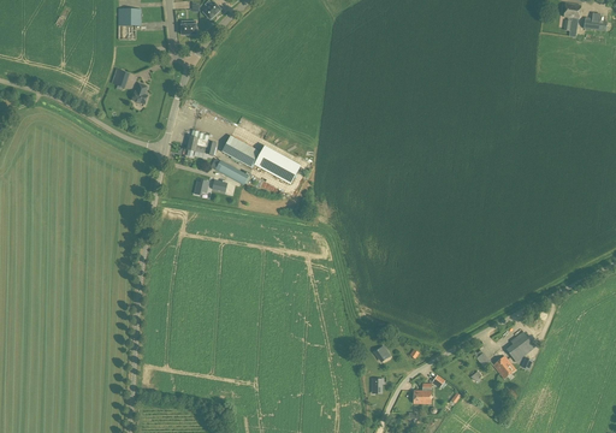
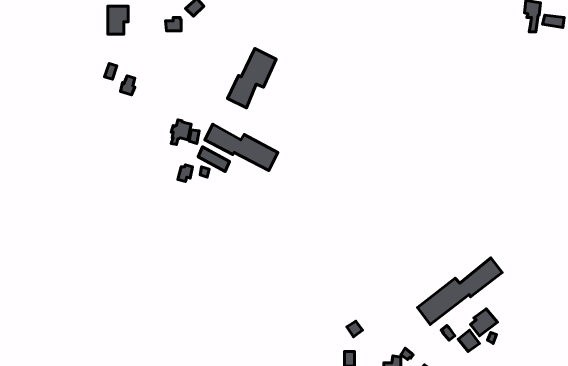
building: none -> [228,48,276,108]
building: none -> [417,258,502,324]

